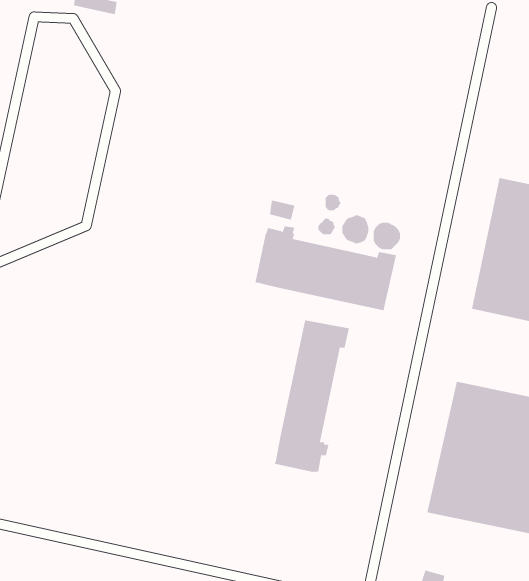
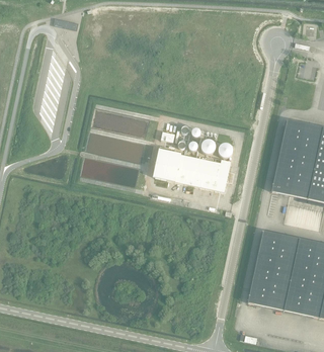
building: [274,320,349,473] -> none

